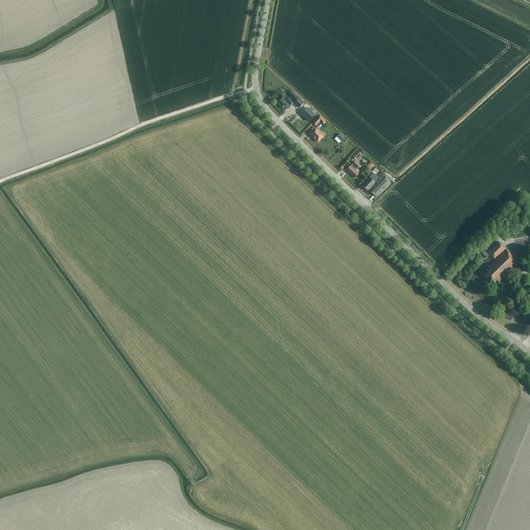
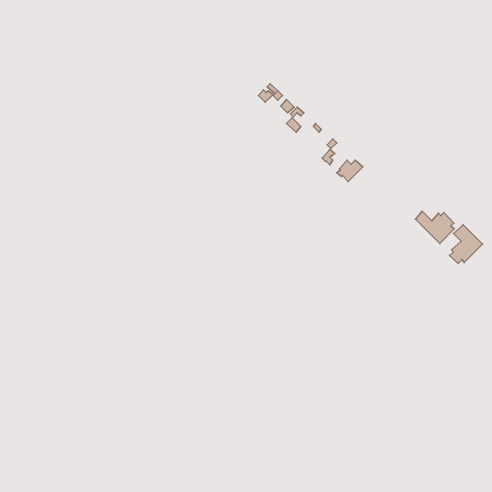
building: none -> [415,211,454,243]

